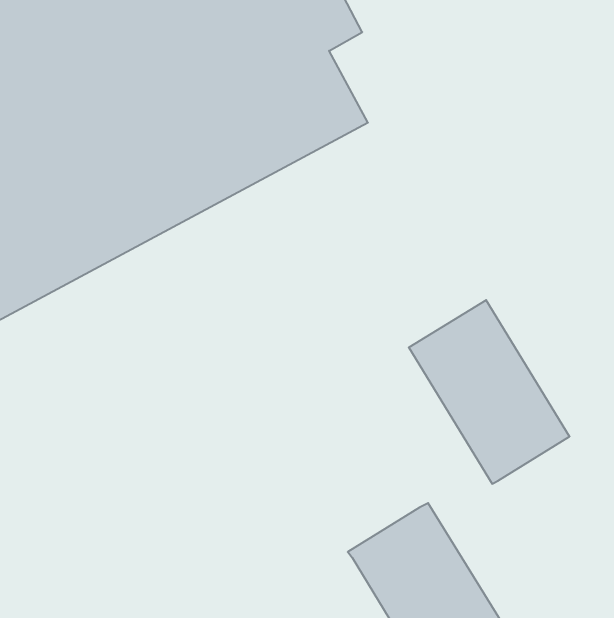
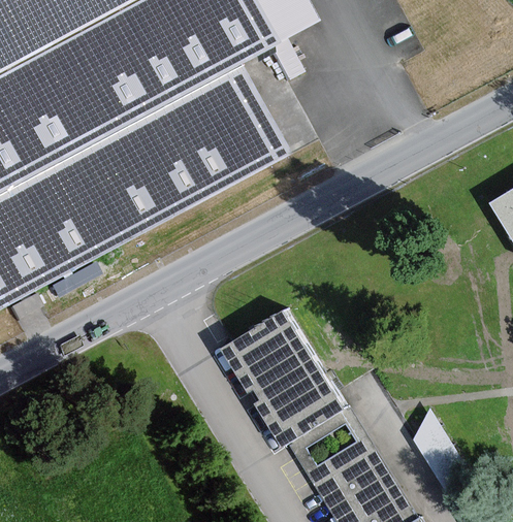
building: [409,300,570,484] -> [224,313,340,445]
building: none -> [410,412,463,472]

